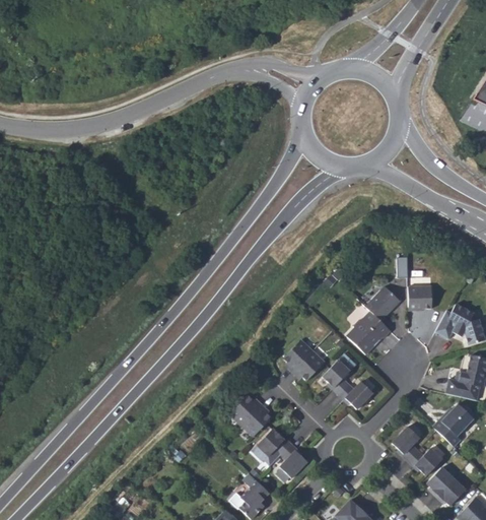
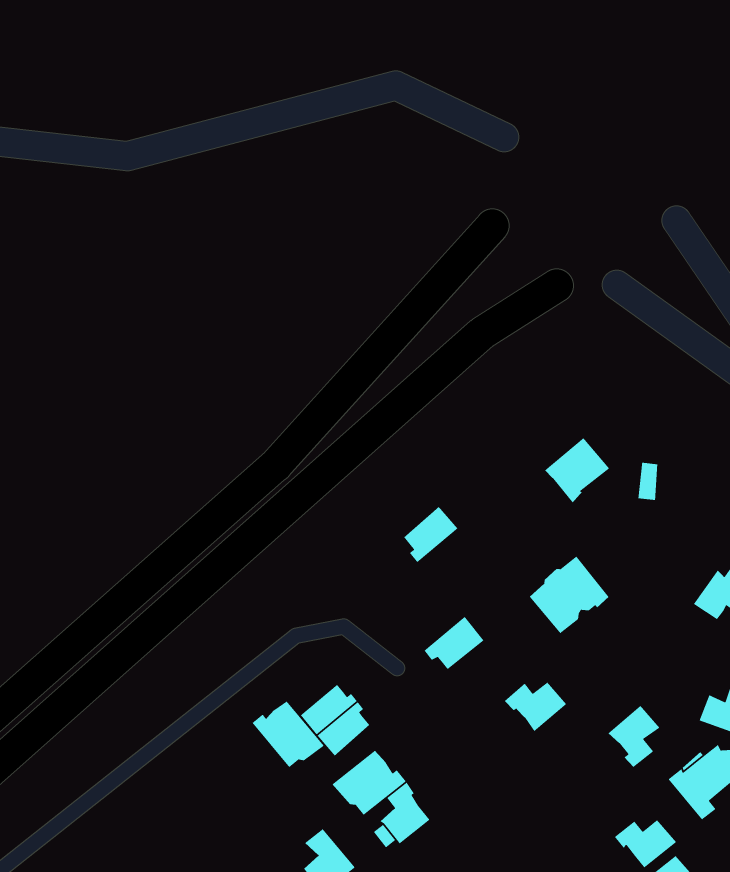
building: [411,284,434,309] -> none
building: [365,286,401,323] -> [544,437,610,503]
building: [284,339,314,372] -> [403,506,459,563]
building: [324,352,358,394] -> none
building: none -> [251,701,325,768]
building: [392,427,420,461] -> [607,705,660,768]

